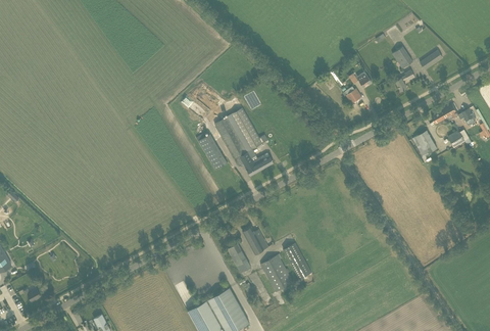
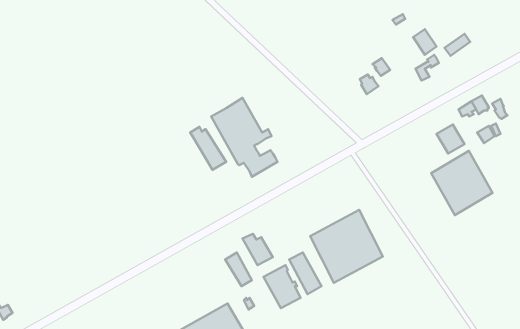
building: none -> [431,151,493,215]
building: none -> [310,210,383,283]

